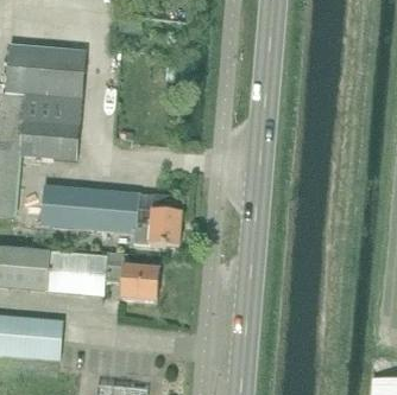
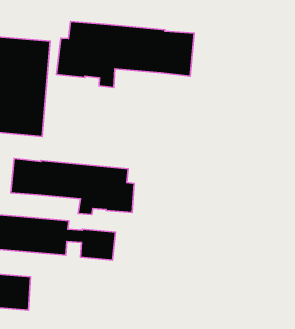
building: none -> [57,21,194,87]

